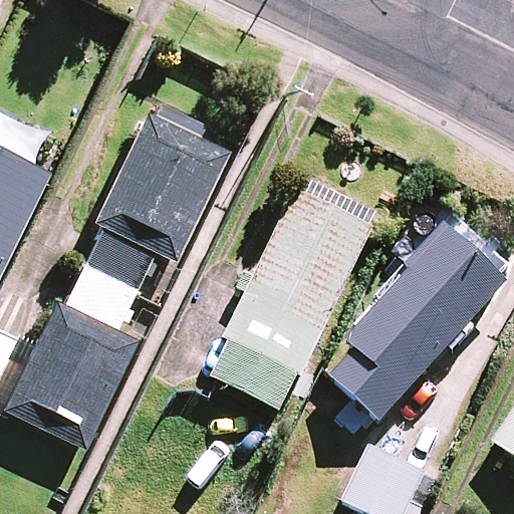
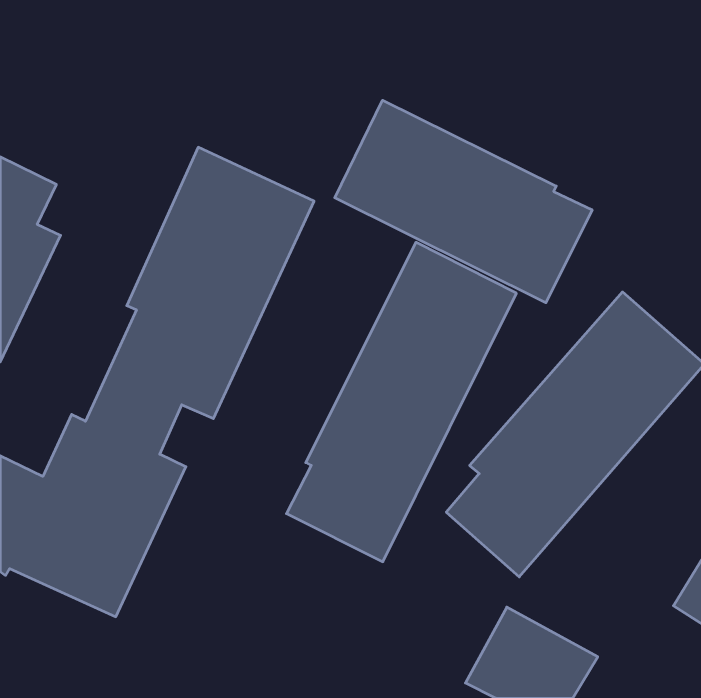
building: none -> [335,100,592,303]

